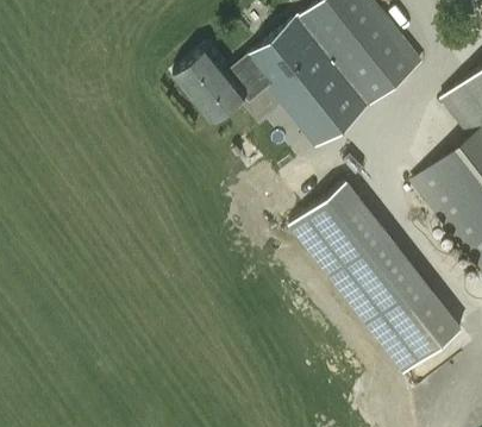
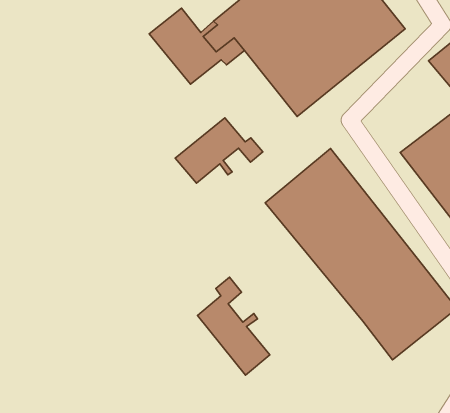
building: none -> [175,118,263,183]
building: none -> [198,277,270,375]

